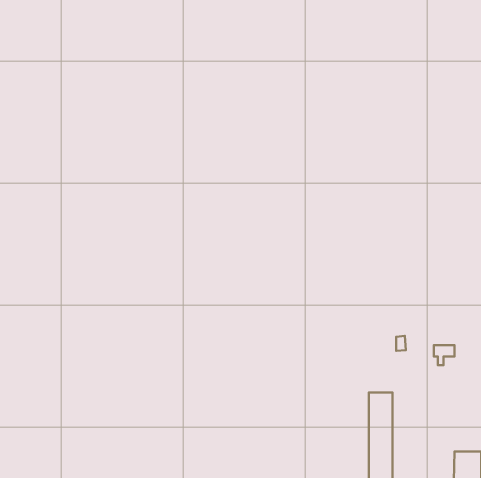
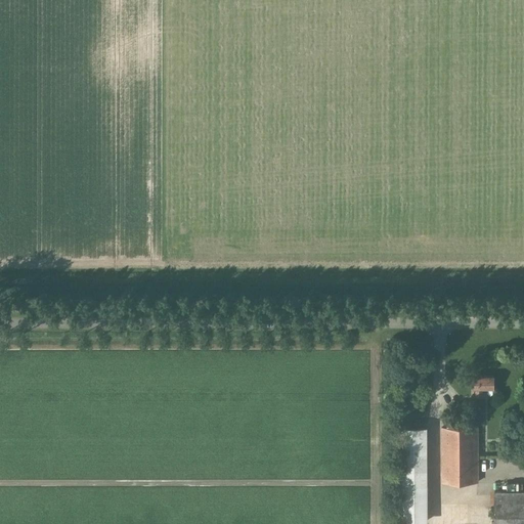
building: none -> [441,430,478,485]

